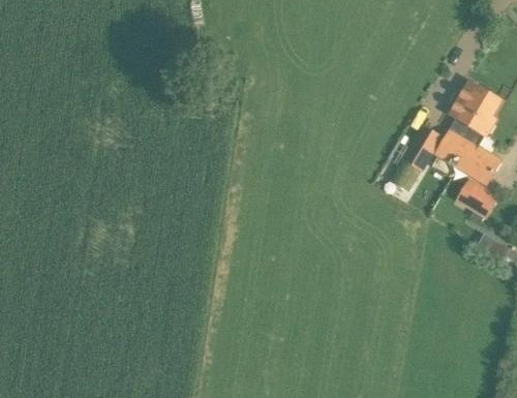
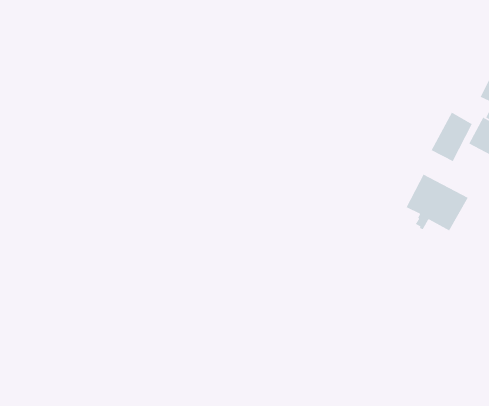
building: none -> [405,173,469,231]

